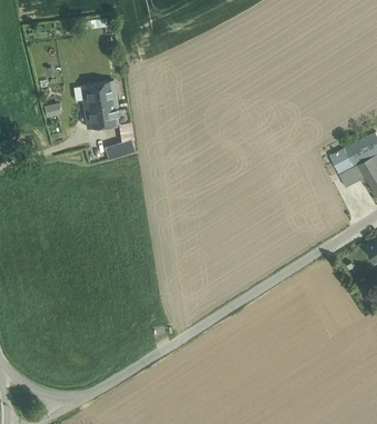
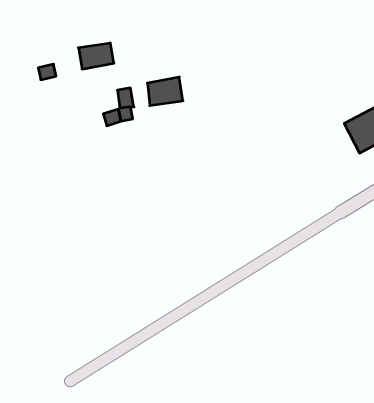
building: [85,101,118,128] -> [147,77,183,106]

